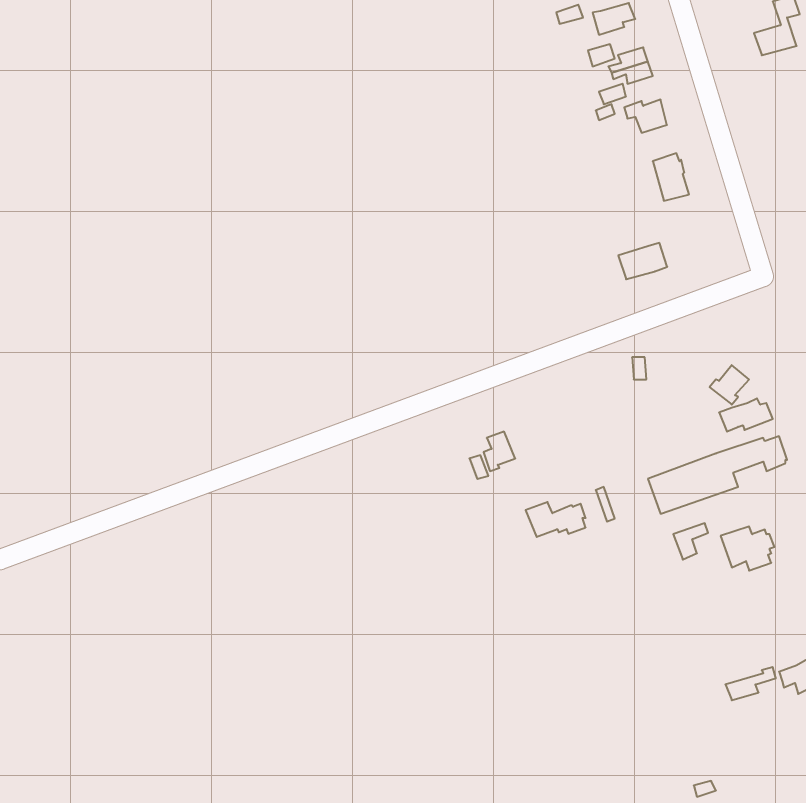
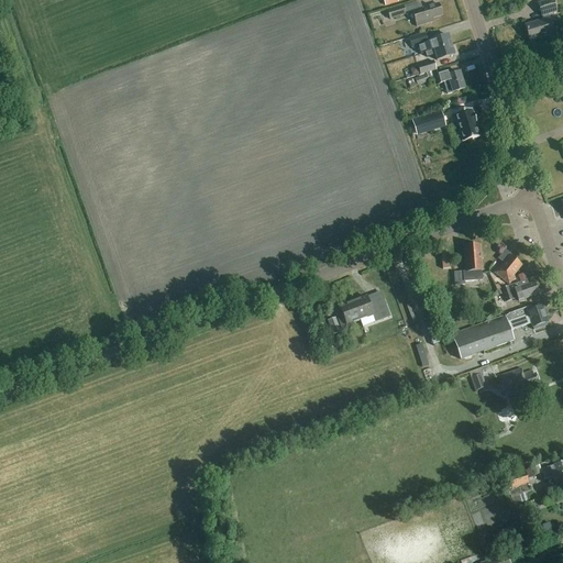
building: [618,243,667,279] -> [412,108,446,133]
building: none -> [454,243,484,284]
building: [526,502,586,537] -> [352,295,394,319]

